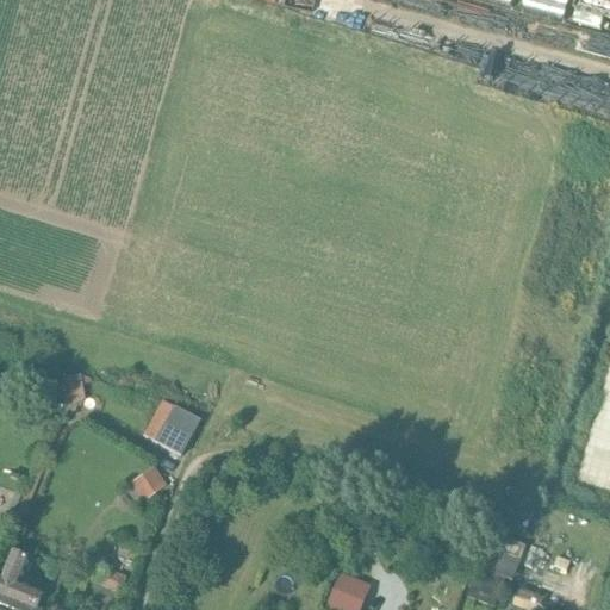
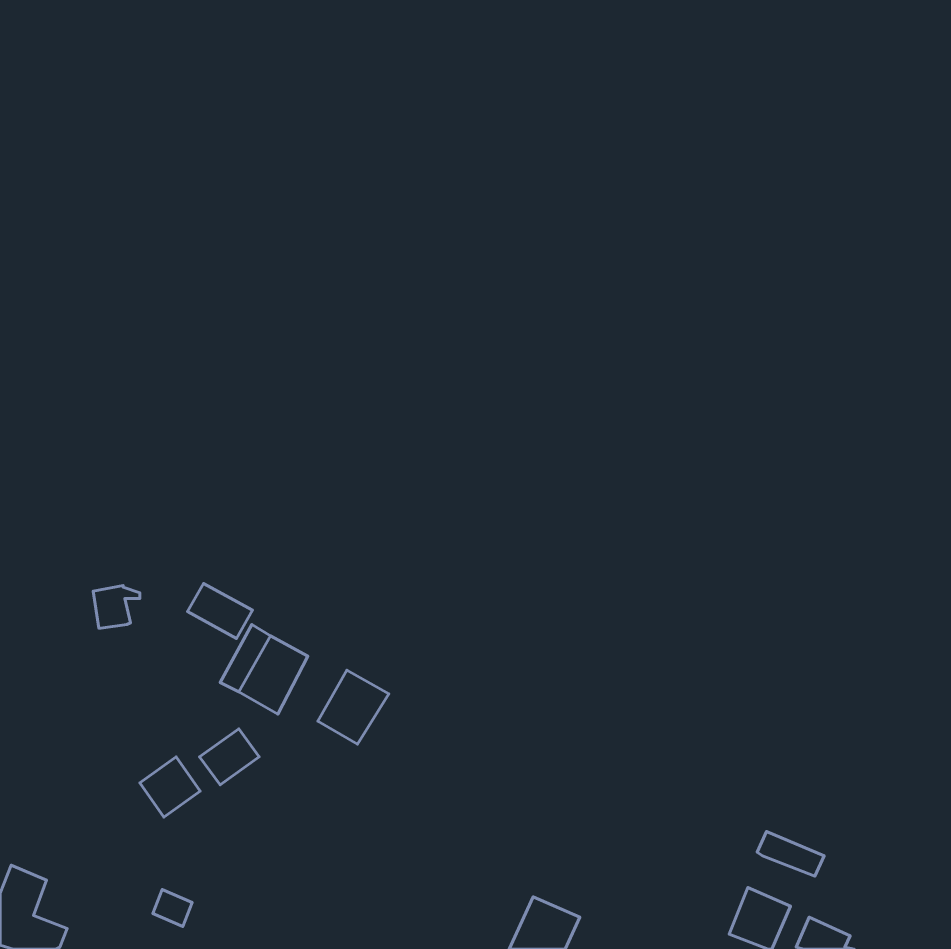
building: none -> [188,583,252,638]
building: none -> [318,670,389,744]
building: none -> [140,757,200,817]

